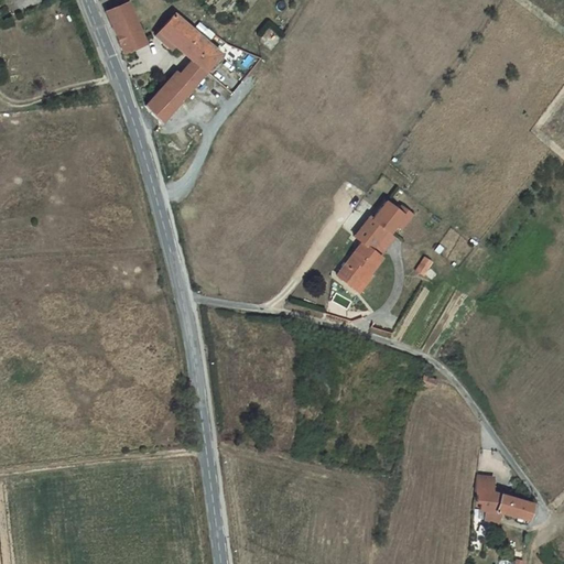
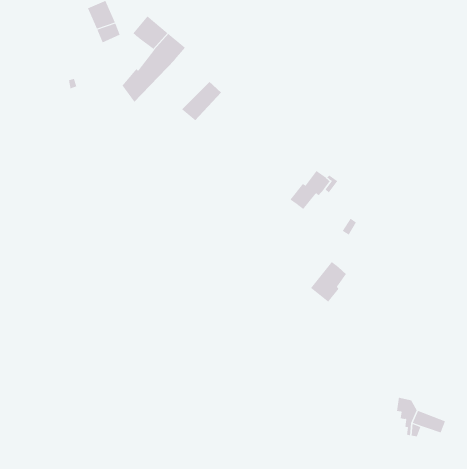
building: none -> [181,81,222,121]
building: [333,245,377,294] -> [310,261,347,303]

